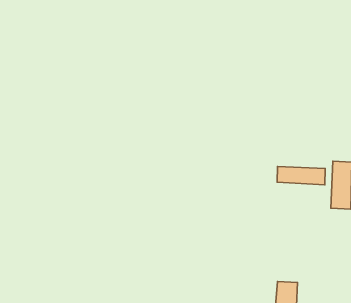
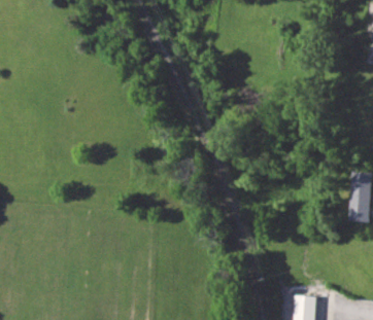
building: [277,167,325,185] -> none

